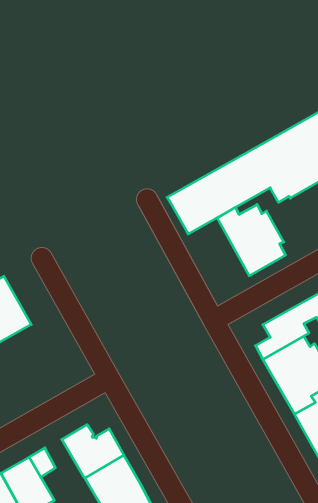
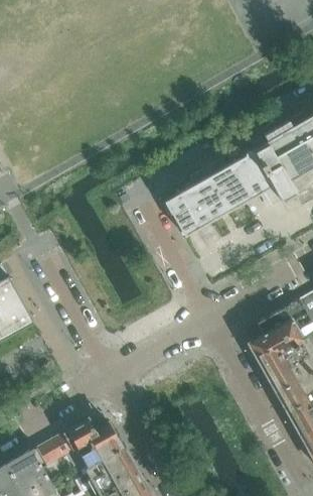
building: [217,204,286,276] -> none
building: none -> [47,431,85,472]

